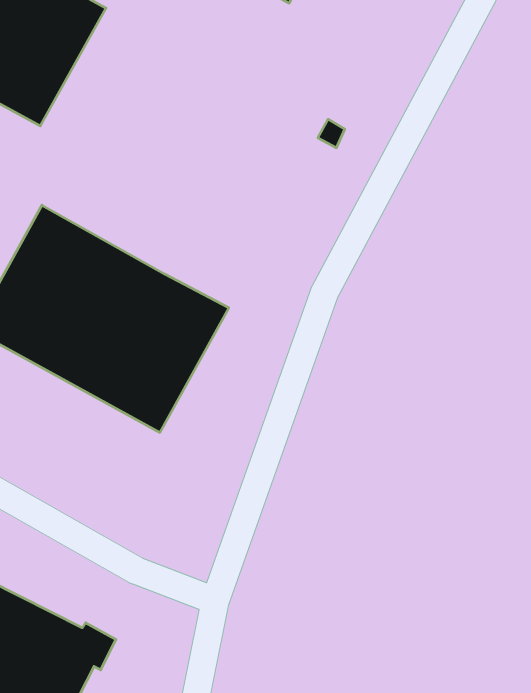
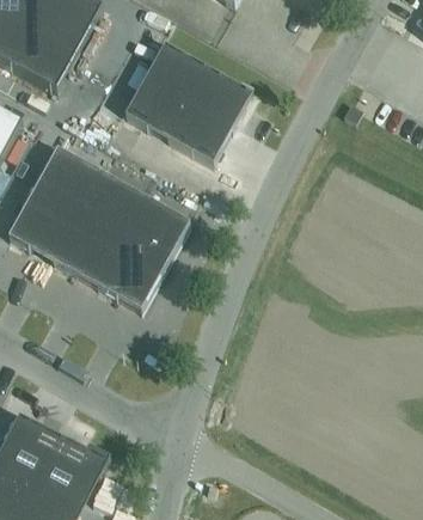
building: none -> [123,44,251,164]

